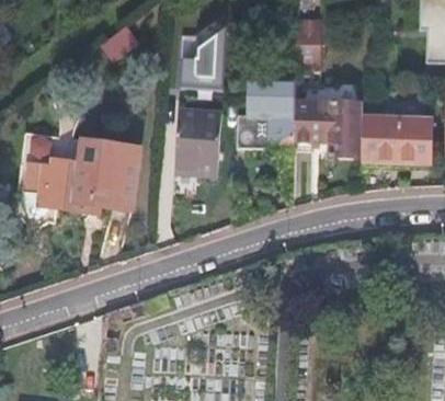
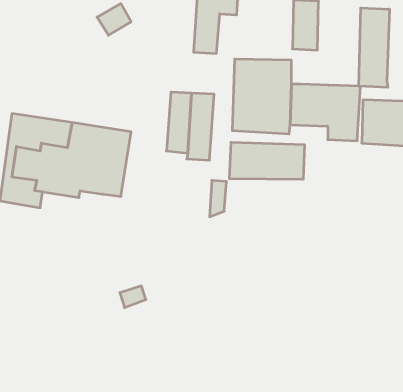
building: none -> [359,8,389,87]
building: none -> [230,142,304,179]

